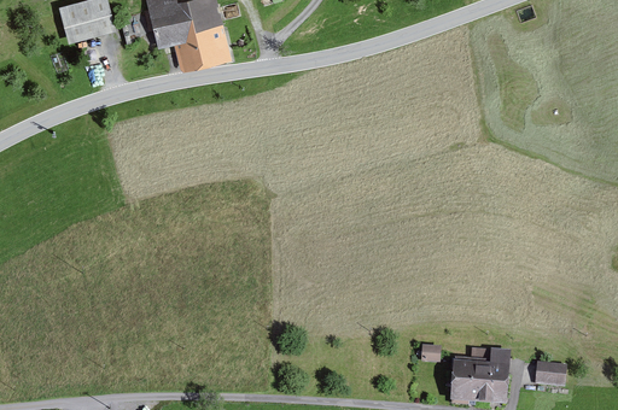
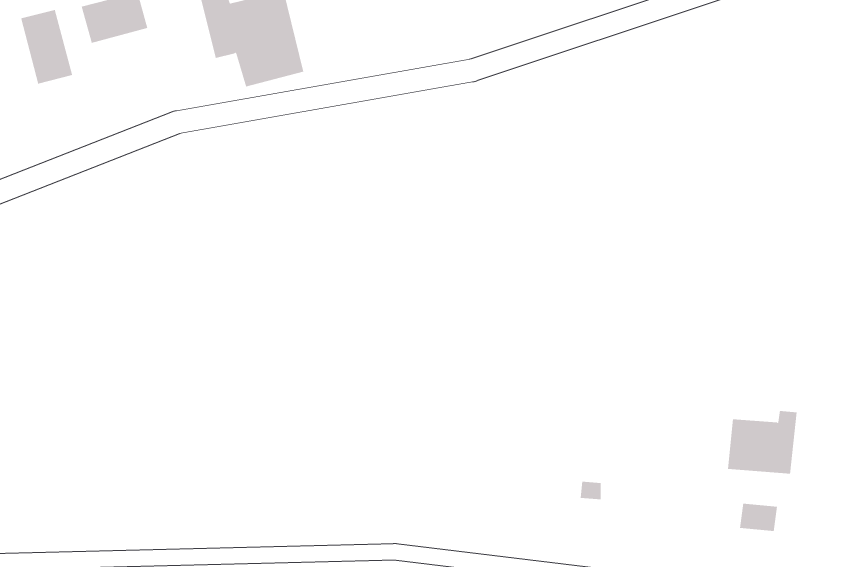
building: none -> [20,9,73,84]
building: [455,352,506,398] -> [727,411,798,474]

